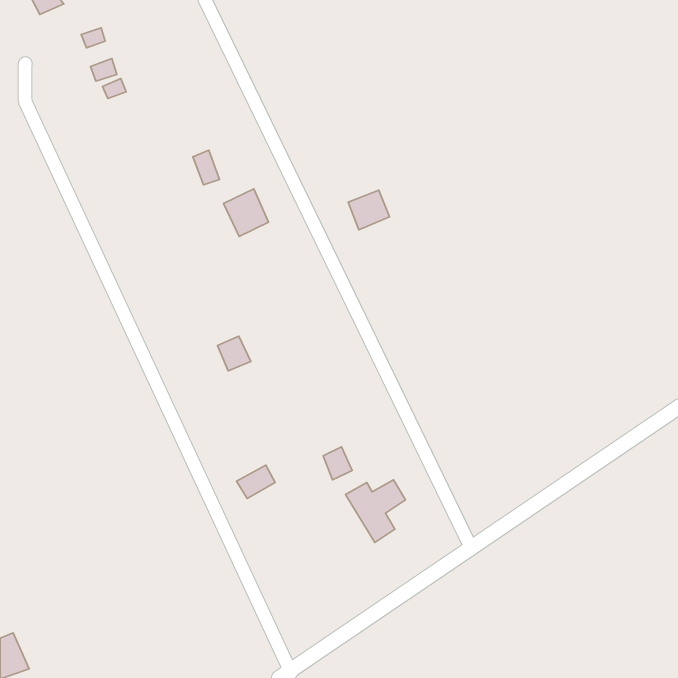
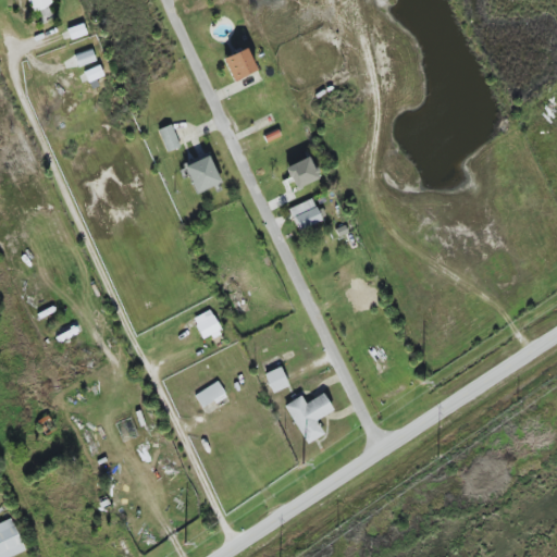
building: none -> [223,47,257,81]
building: none -> [289,198,322,230]
building: [218,336,251,371] -> [194,309,221,337]

